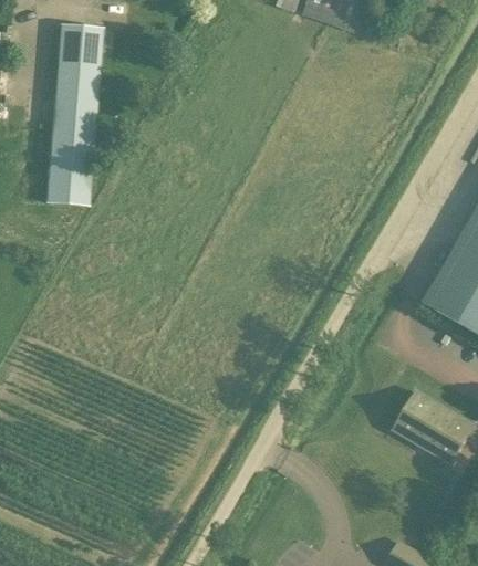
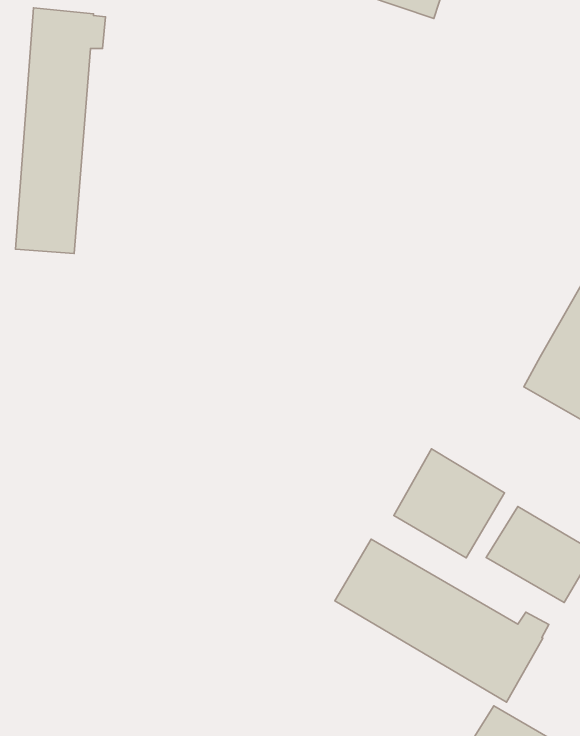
building: none -> [394,449,504,558]
building: none -> [335,539,549,702]

